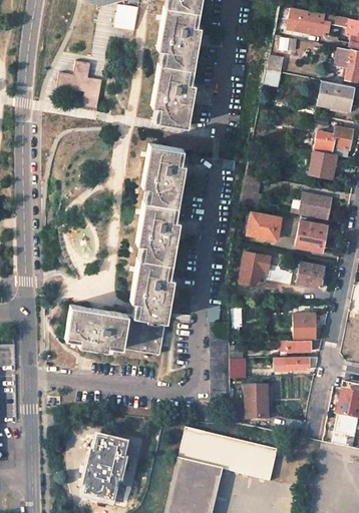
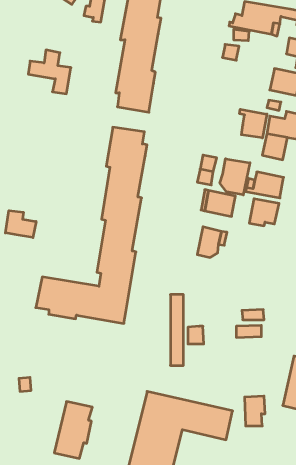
building: none -> [240,109,267,138]
building: none -> [220,159,250,195]
building: none -> [5,211,36,238]
building: [297,261,325,287] -> none
building: [294,313,316,337] -> none
building: [247,386,269,418] -> [245,396,265,426]

